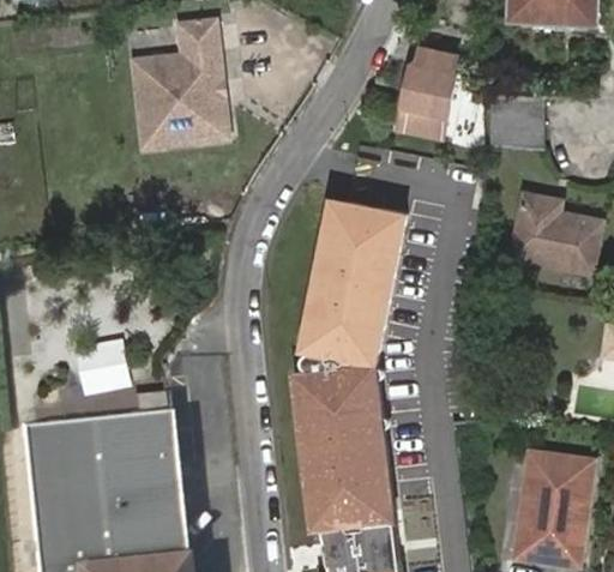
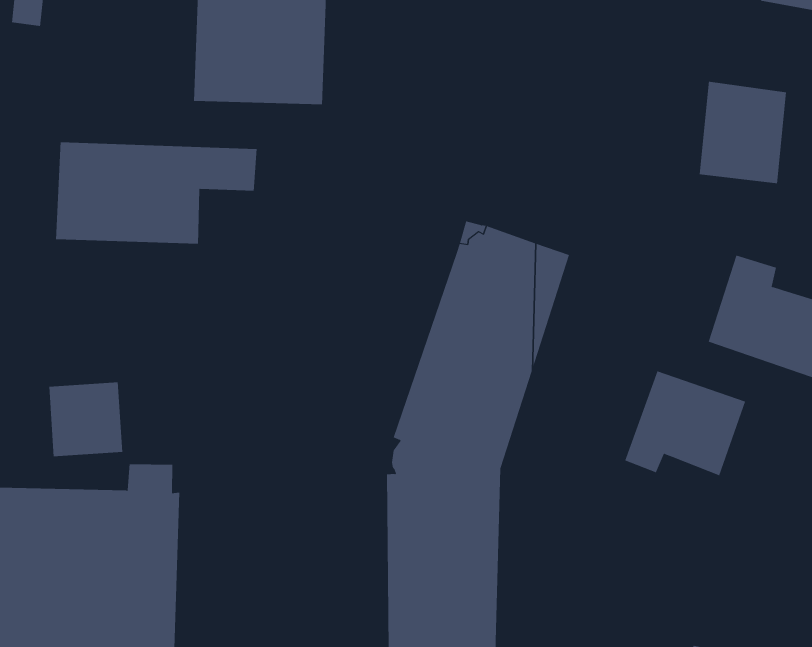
building: [392,60,456,139] -> none
building: none -> [56,142,257,245]
building: none -> [624,371,746,476]

